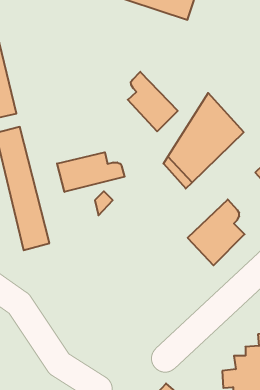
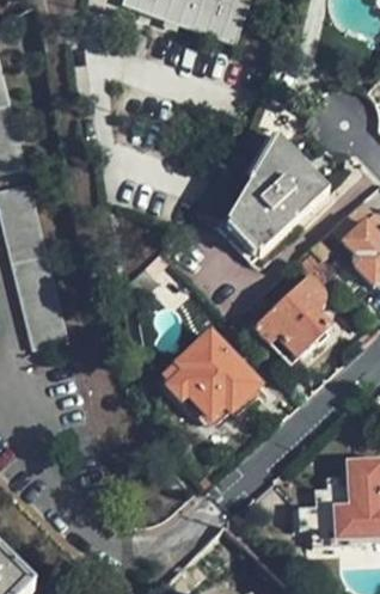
building: [128,72,178,131] -> none
building: [57,152,125,192] -> none
building: none -> [159,327,253,410]

